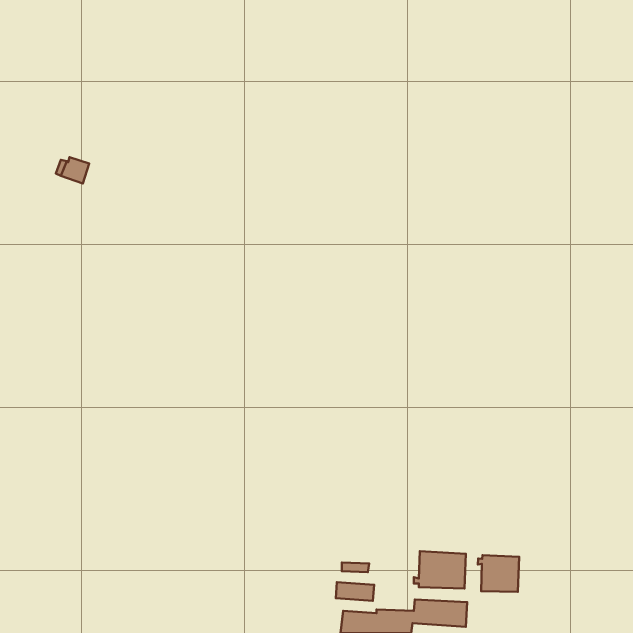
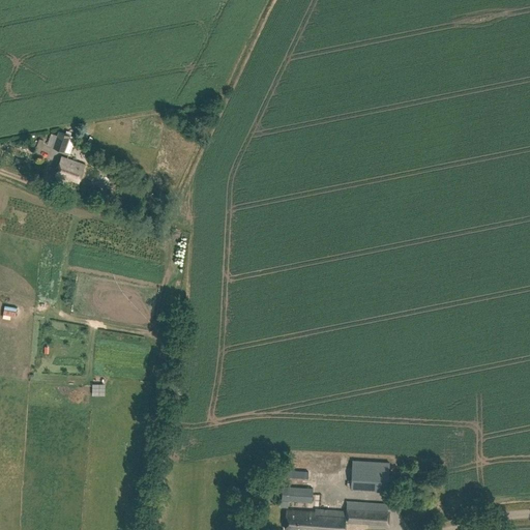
building: none -> [54,157,85,185]
building: [478,555,519,592] -> none

